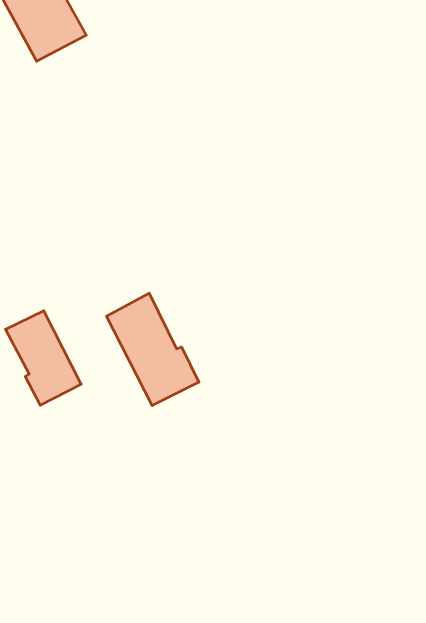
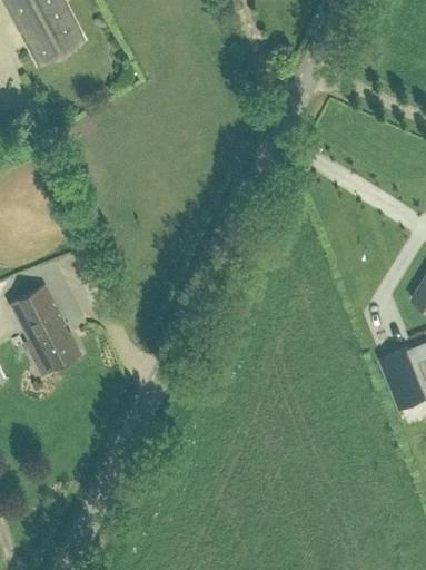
building: [107,293,199,406] -> none

